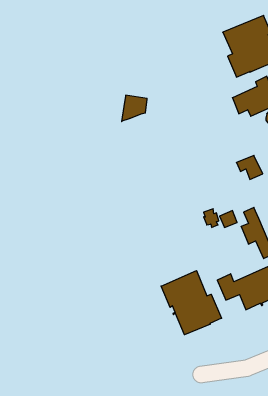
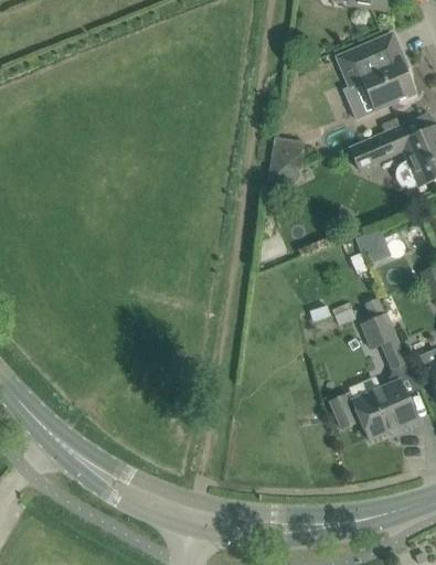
building: [122,95,147,122] -> [268,145,304,181]
building: [161,271,222,335] -> none

